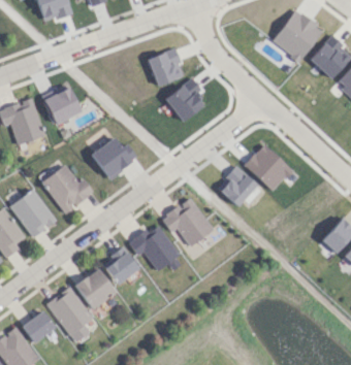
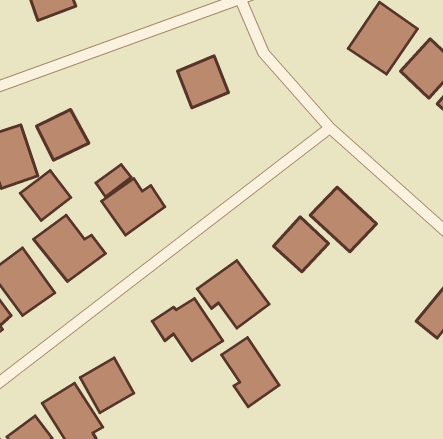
building: [164,78,204,123] -> none
building: none -> [20,170,71,220]
building: [102,248,139,286] -> none
building: none -> [221,337,279,407]

